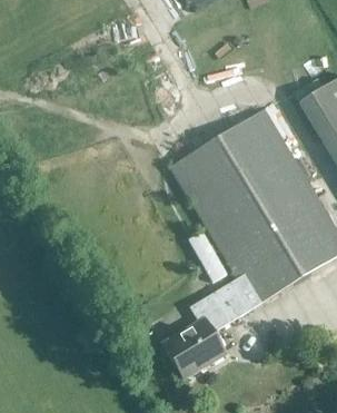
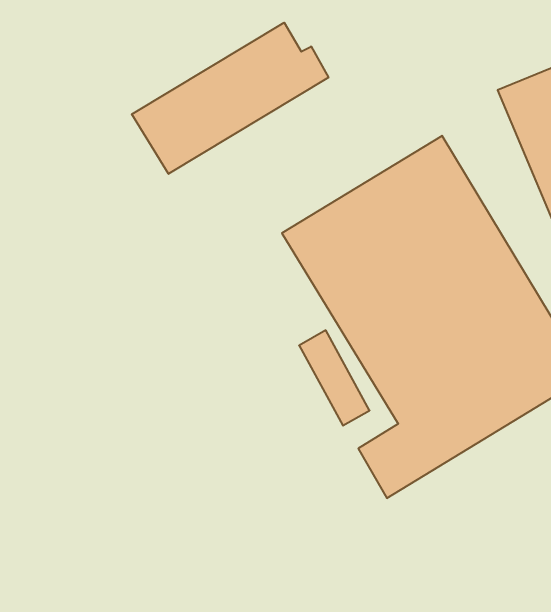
building: none -> [132,23,328,174]
building: [163,291,234,375] -> none

